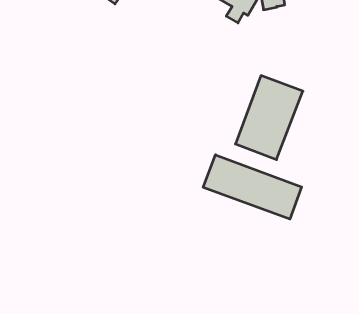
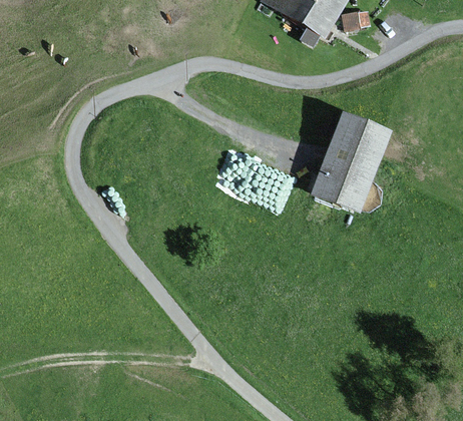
building: [203,155,302,219] -> none

